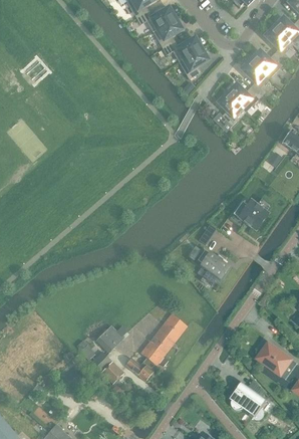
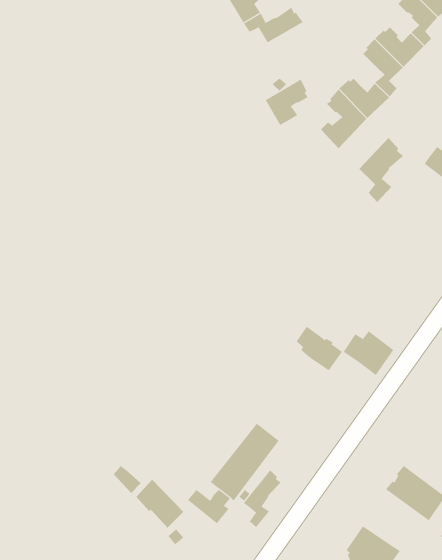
building: [179,47,208,78] -> [265,79,309,126]
building: none -> [358,137,404,203]
building: [234,200,268,230] -> [343,330,394,376]
building: [96,325,123,353] -> none
building: none -> [243,469,281,528]

